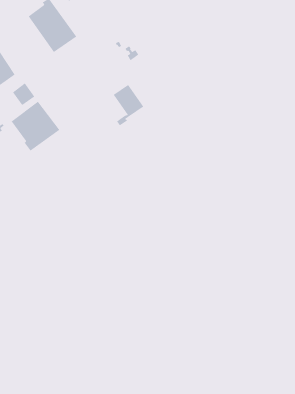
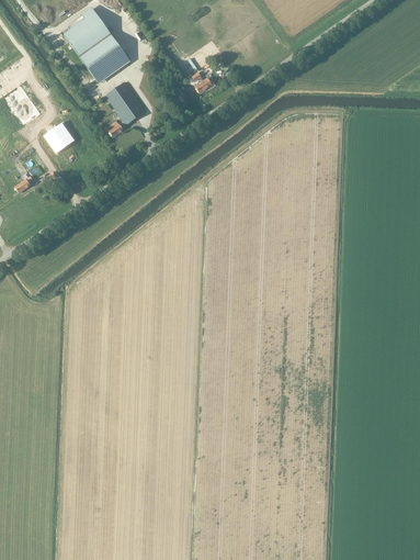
building: [113,84,144,126] -> [104,81,146,137]
building: [11,101,60,151] -> none

